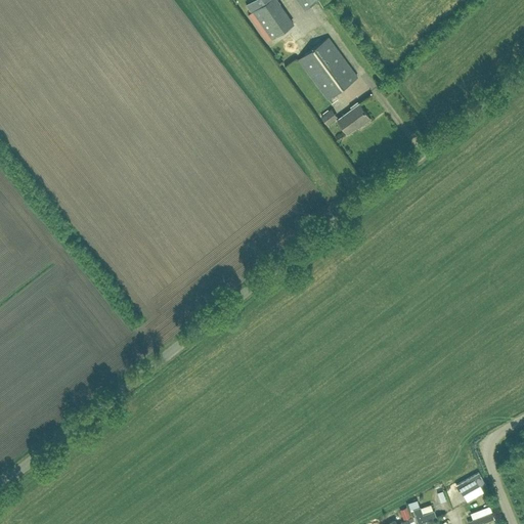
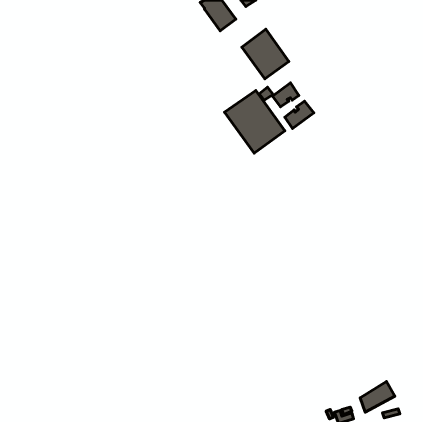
building: none -> [224,90,285,153]
building: none -> [285,101,314,129]

